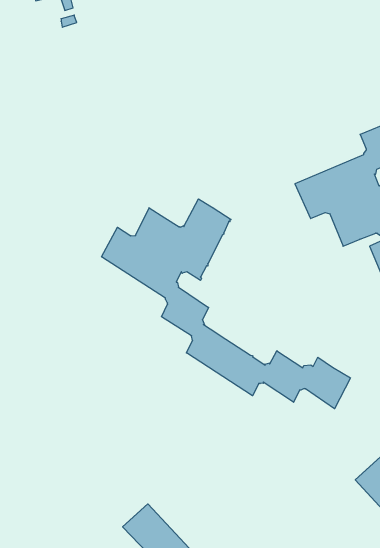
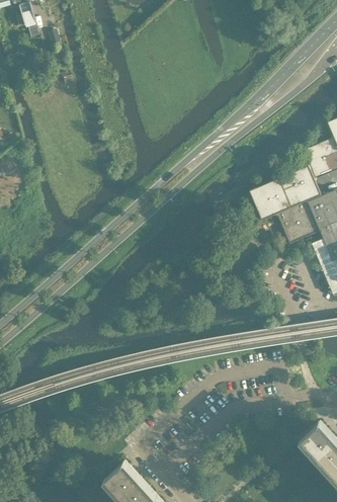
building: [102,199,350,409] -> none

